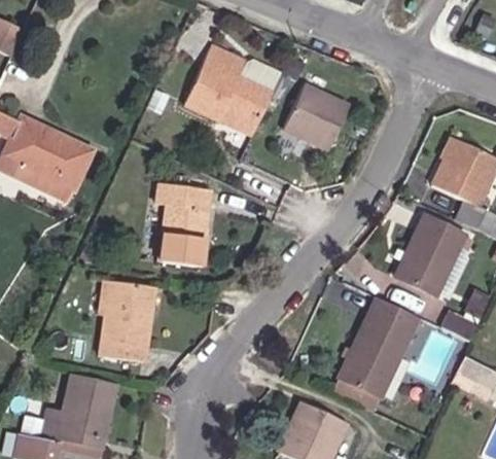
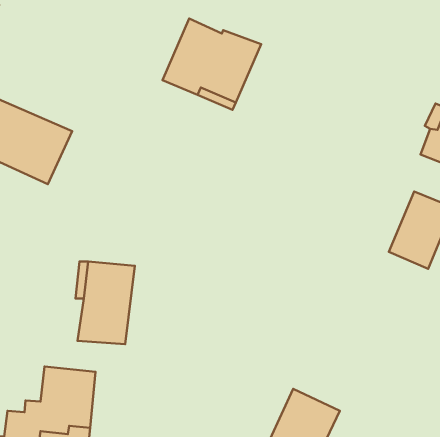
building: [283,87,343,144] -> none
building: [152,181,206,260] -> none
building: [346,294,428,396] -> none

